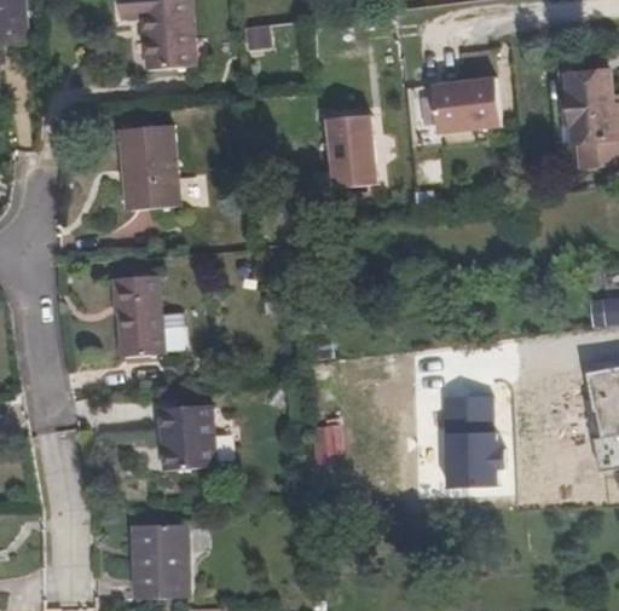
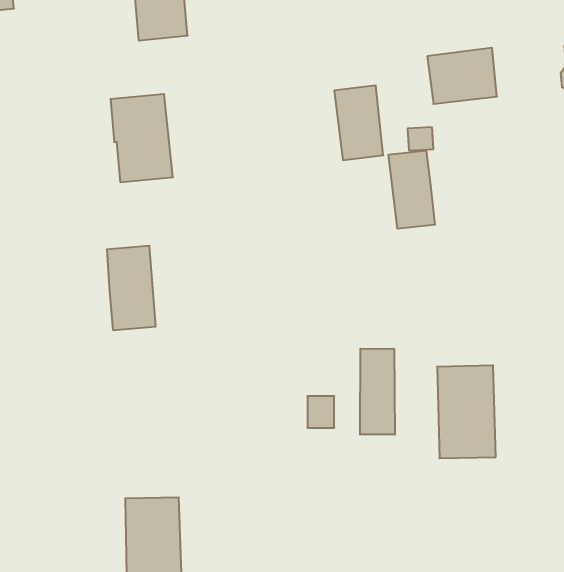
building: none -> [389,151,435,229]
building: none -> [360,349,395,435]
building: [158,403,216,469] -> none

